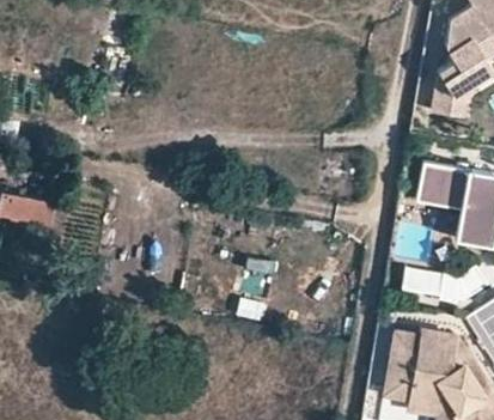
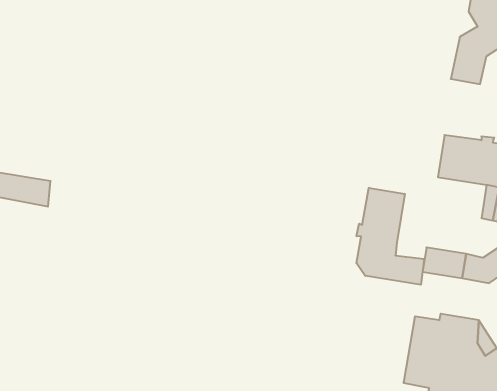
building: none -> [356,188,424,285]

